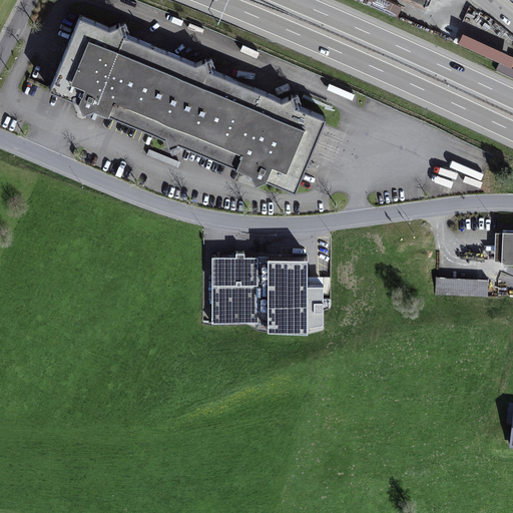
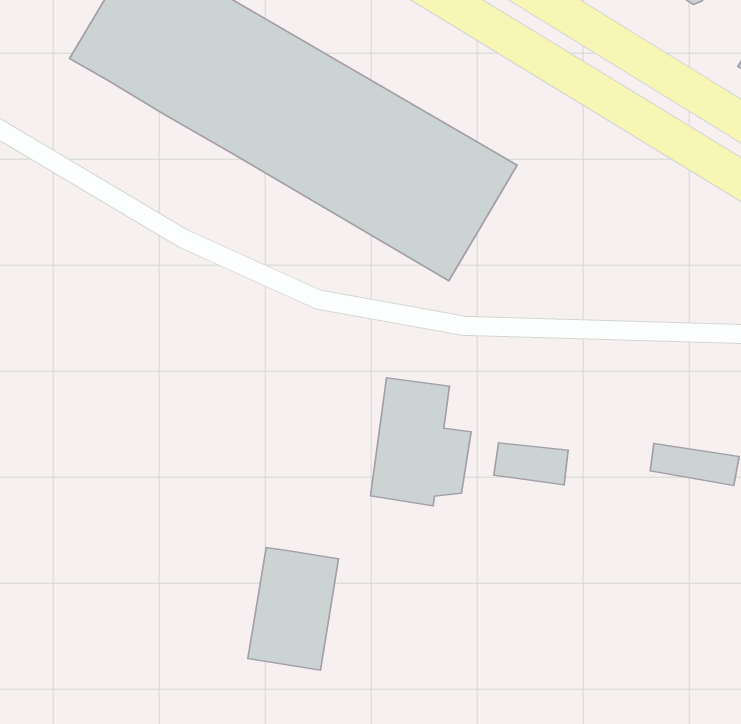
building: [211,255,259,326] -> [248,548,339,670]
building: none -> [494,443,568,485]

